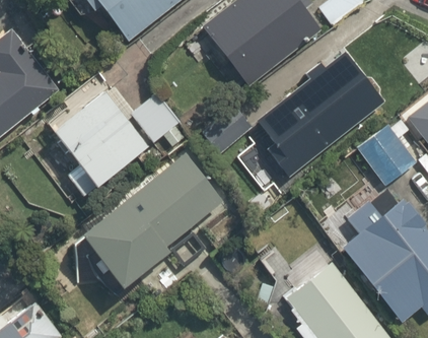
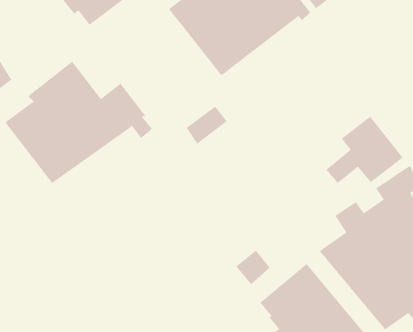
building: [254,53,387,179] -> none
building: [73,150,224,288] -> none

